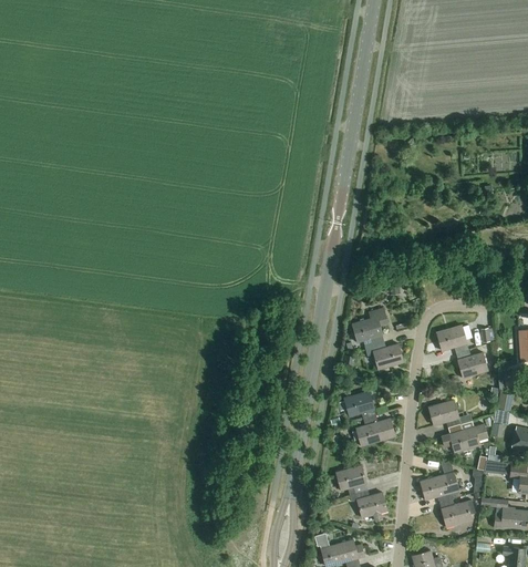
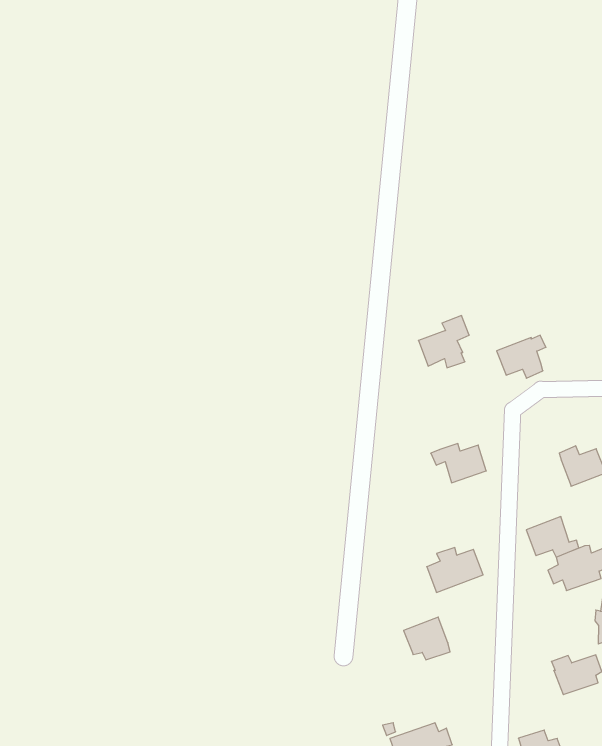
building: [352,308,389,344] -> [418,316,469,368]
building: [436,323,472,353] -> [497,335,546,378]
building: [344,390,376,419] -> none
building: [420,472,458,502] -> none
building: [350,489,387,520] -> none

